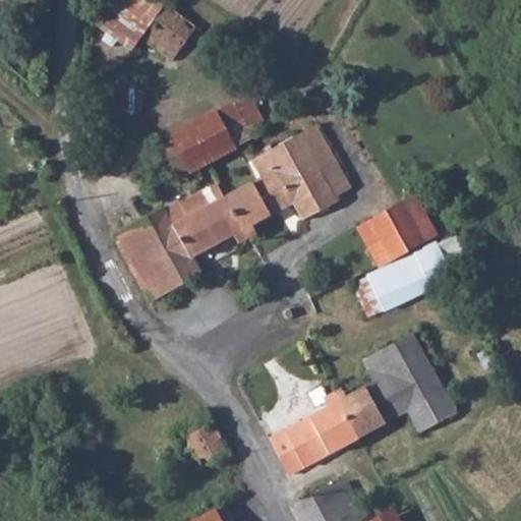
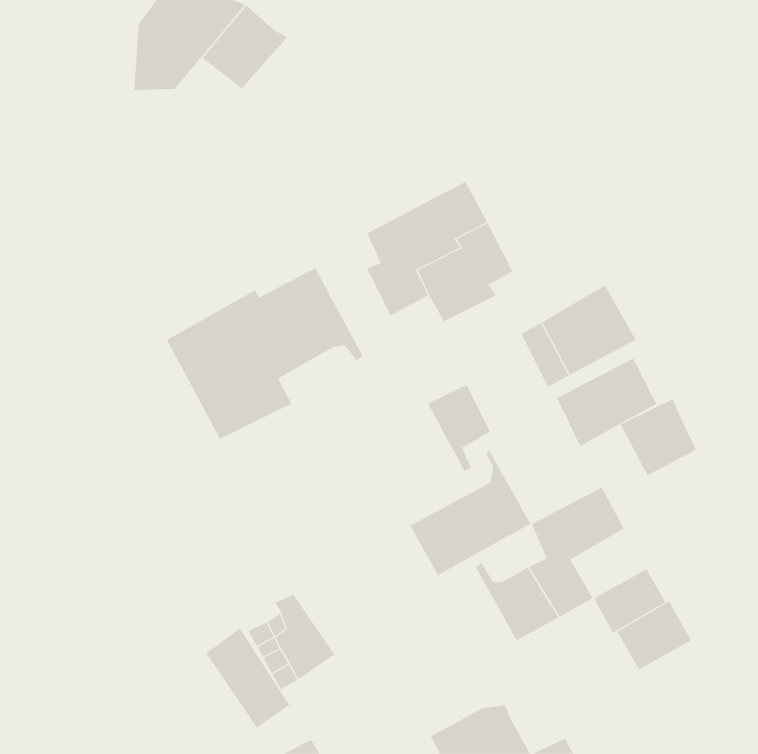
building: [160,100,264,177] -> none
building: [224,184,268,244] -> [427,384,491,472]
building: none -> [620,399,697,476]
building: [392,362,444,410] -> [616,601,692,670]
building: [271,389,354,475] -> [409,450,531,576]
building: none -> [205,627,290,728]

